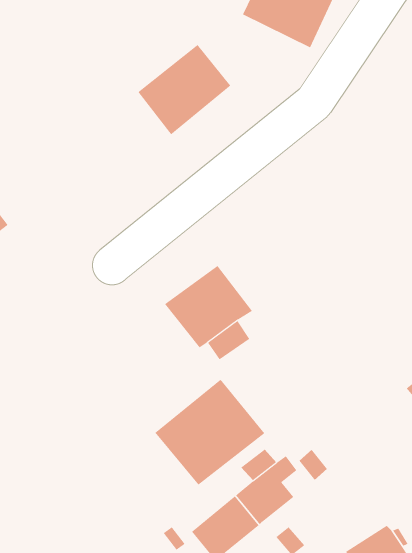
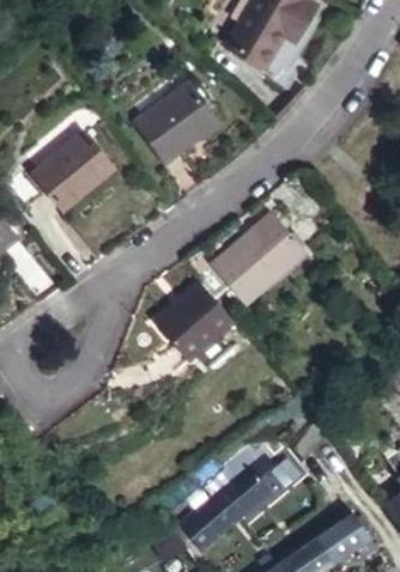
building: none -> [34,141,111,217]
building: none -> [217,207,314,299]
building: [154,379,265,486] -> none

